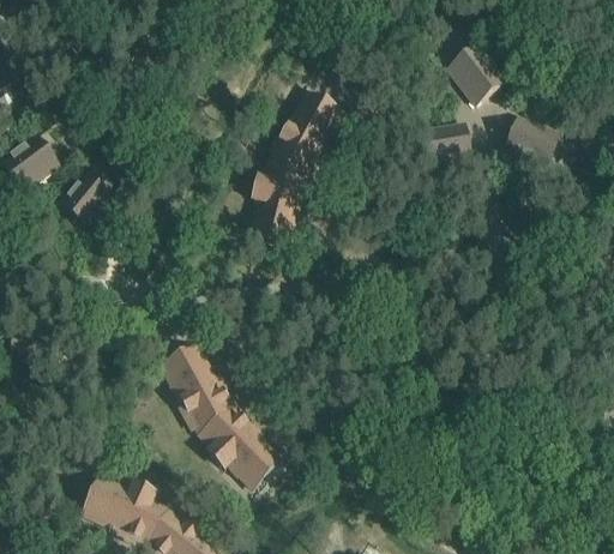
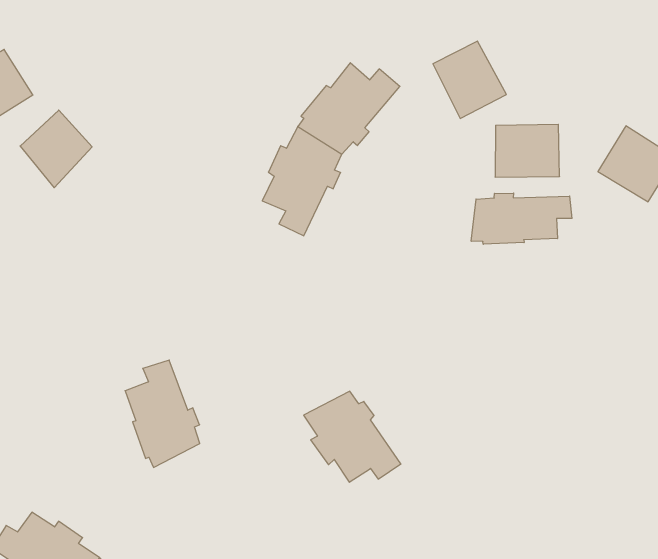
building: [446,43,506,104] -> [433,41,506,118]
building: none -> [471,193,572,244]
building: [198,409,278,478] -> [304,391,401,482]

